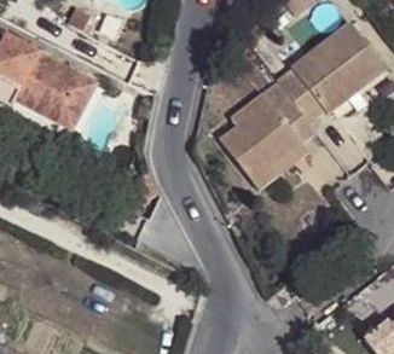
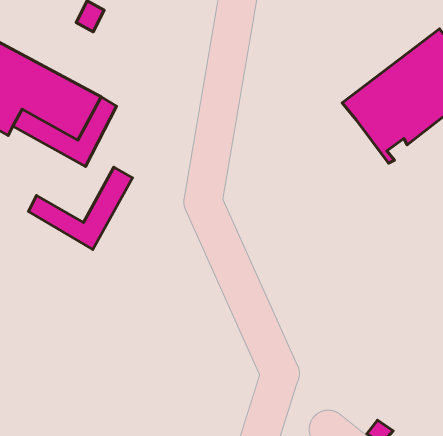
building: [219,92,312,188] -> none
building: none -> [28,167,133,250]

